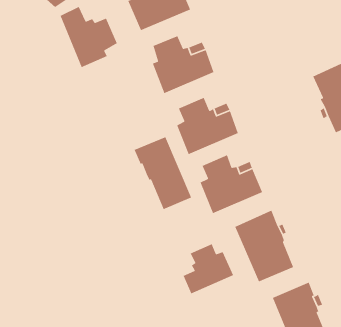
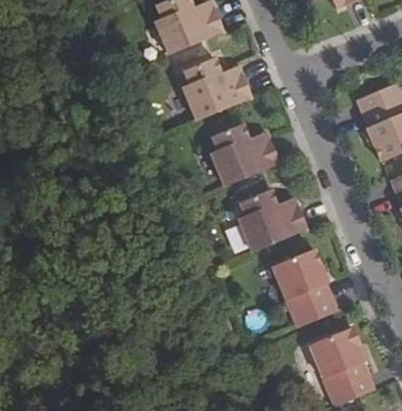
building: [60,6,118,68] -> none
building: [134,136,192,210] -> none
building: [182,243,234,294] -> none

